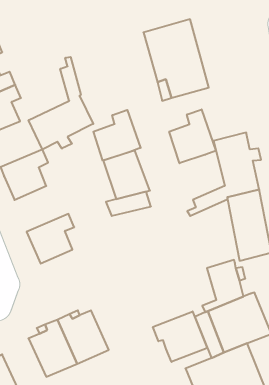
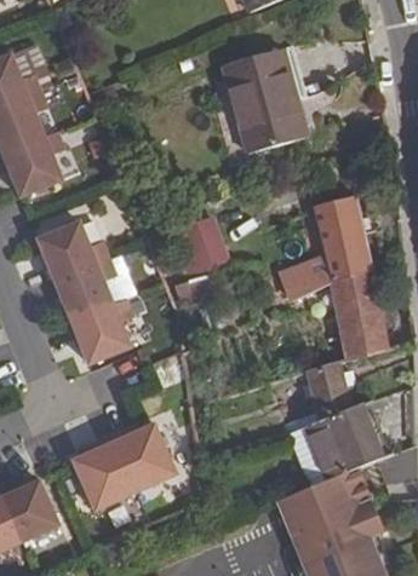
building: [29,57,93,149] -> none
building: [169,109,216,163] -> none
building: [93,110,141,161] -> none
building: none -> [55,264,125,323]
building: [153,311,207,362] -> none

